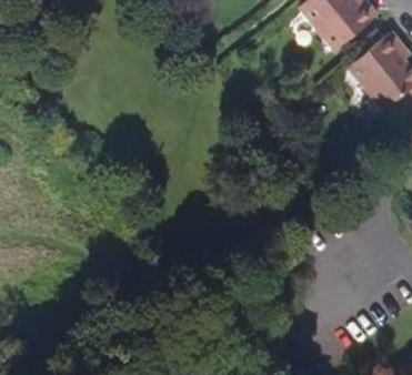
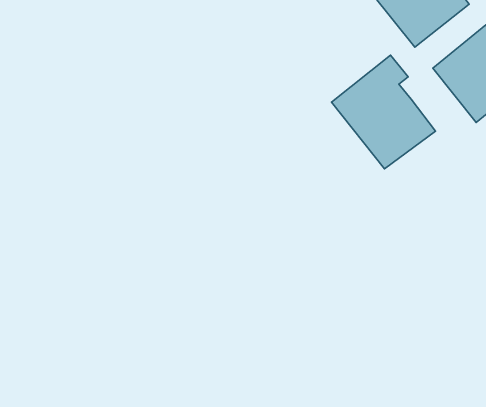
building: none -> [331,55,436,169]

